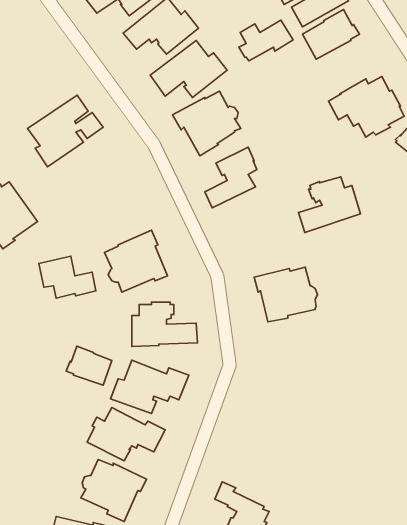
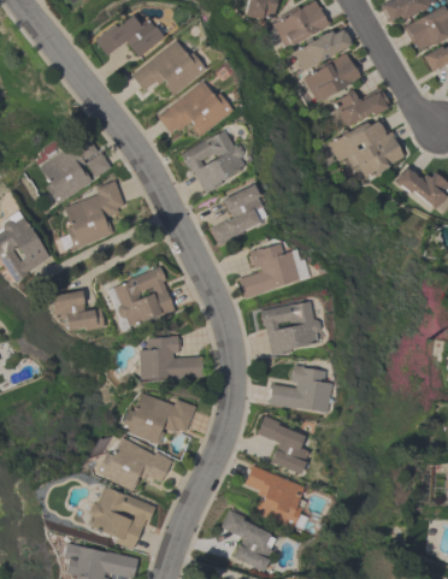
building: [239,20,293,61] -> [340,85,393,125]
building: none -> [55,181,125,253]
building: [299,177,361,232] -> [240,243,300,297]
building: none -> [270,365,332,414]
building: [66,346,112,385] -> none
building: none -> [258,416,308,475]
building: none -> [246,465,305,528]

